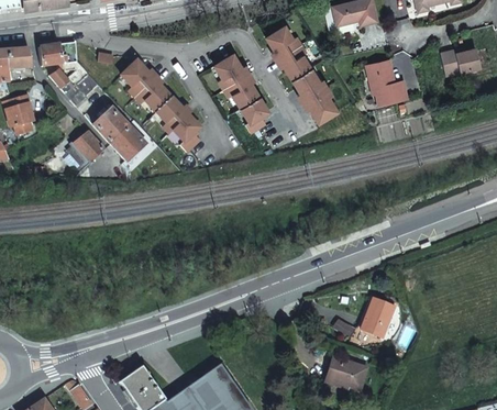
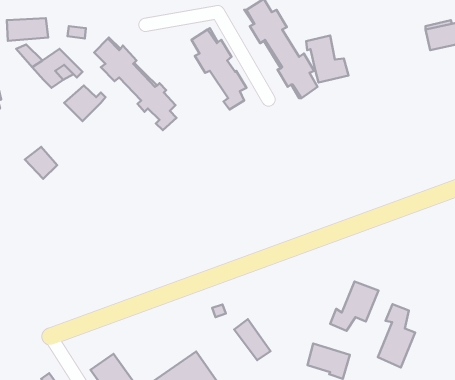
building: [366,58,407,103] -> [306,35,348,82]
building: [111,125,144,162] -> none
building: [74,132,104,163] -> [25,147,57,179]
building: none -> [378,304,415,367]
building: none -> [234,319,271,360]

